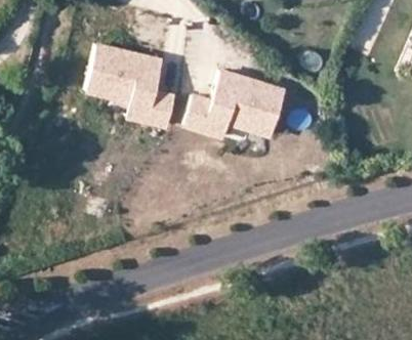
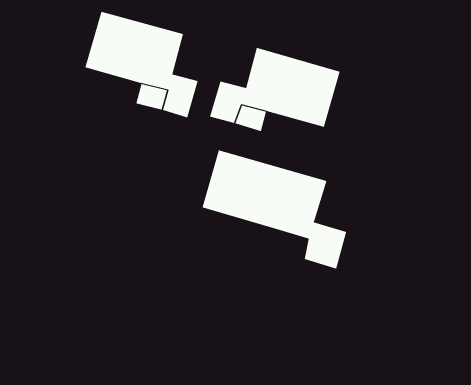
building: none -> [202,149,347,269]

